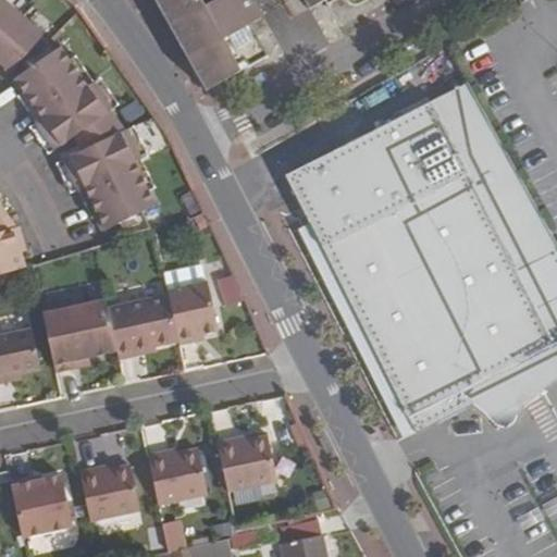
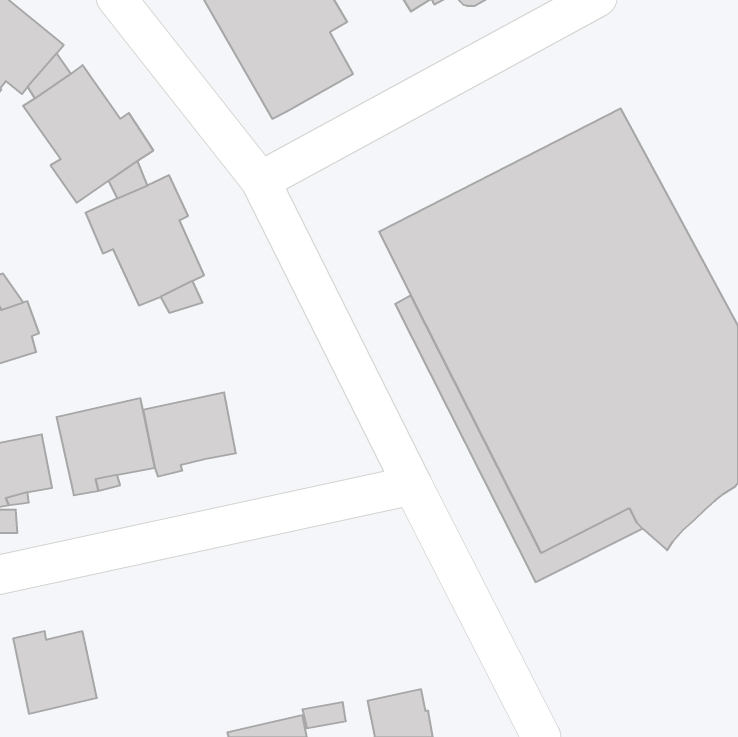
building: [166,281,218,345] -> none
building: [218,435,277,490] -> none
building: [147,448,207,503] -> none
building: [79,466,139,519] -> none

